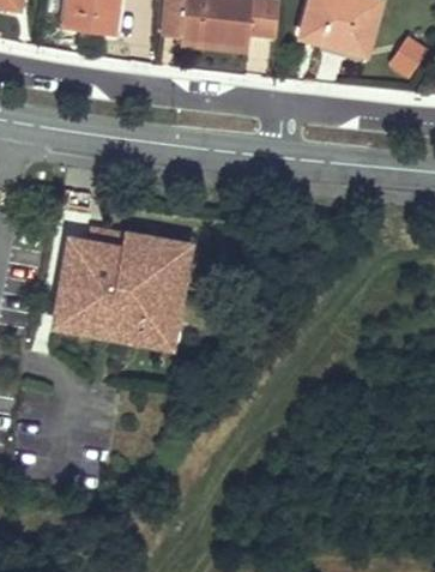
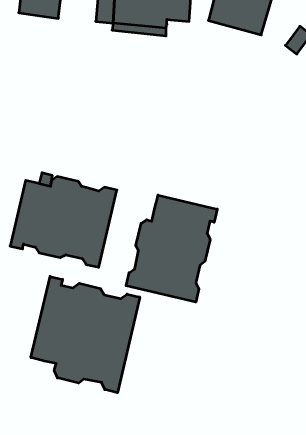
building: none -> [126,195,217,302]
building: none -> [31,276,140,393]

